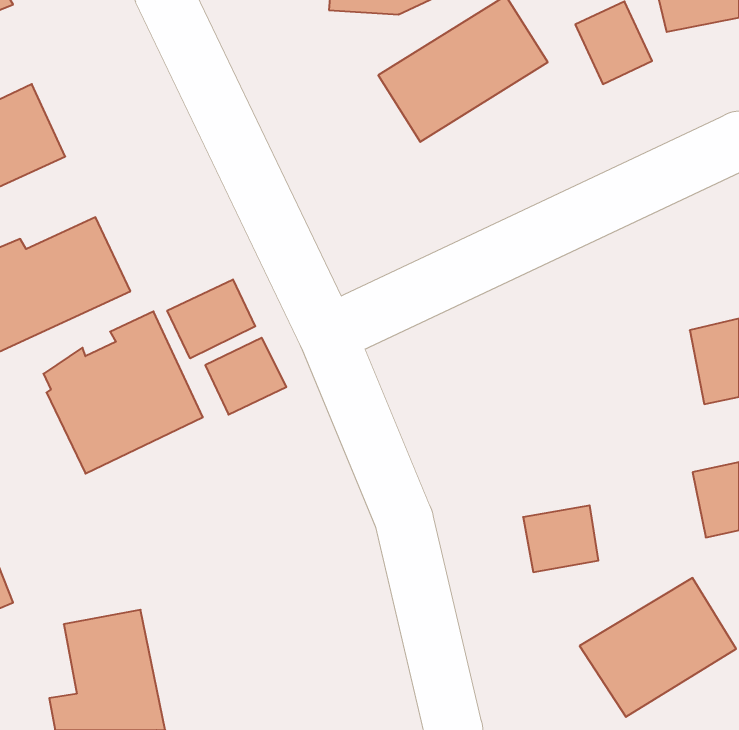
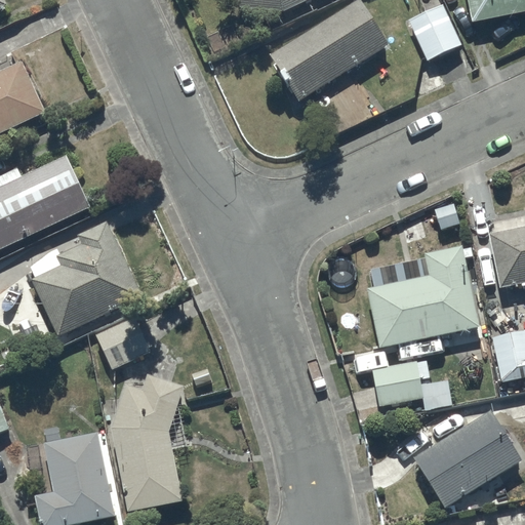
building: [167,279,255,358] -> none
building: [205,338,286,415] -> [95,314,153,368]
building: none -> [365,246,477,348]
building: none -> [113,373,184,513]

